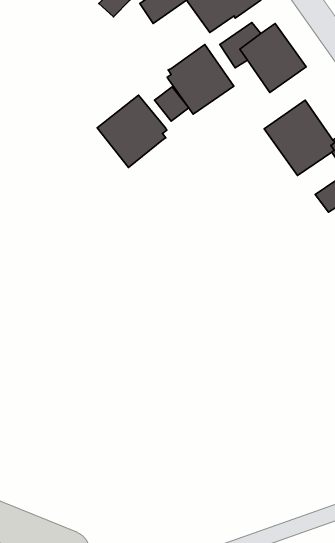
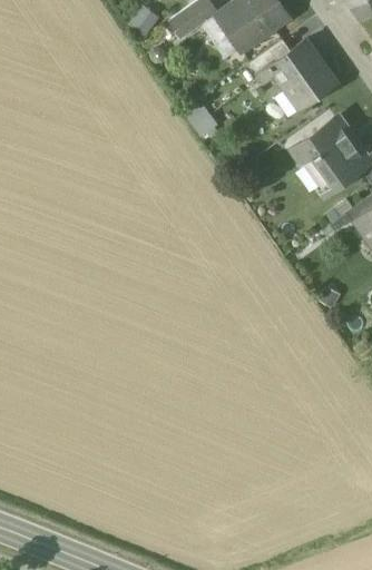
building: [167,45,234,114] -> none
building: [97,95,167,167] -> none

